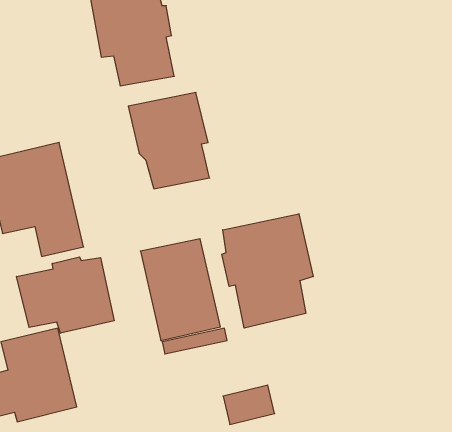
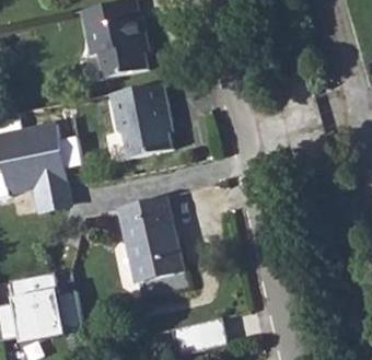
building: [222,214,313,328] -> none
building: [17,257,114,333] -> none

